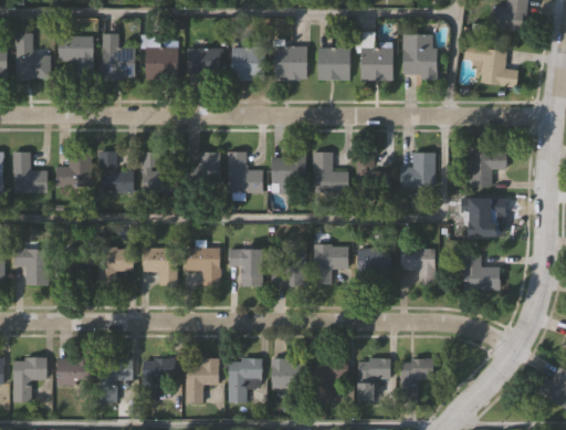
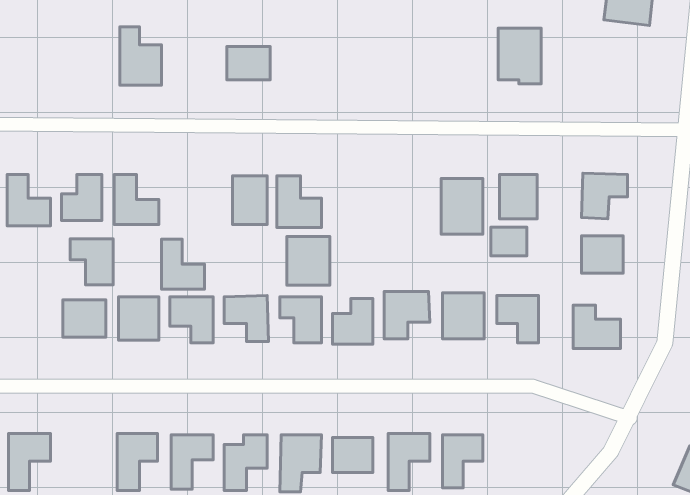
building: [13,33,49,80] -> none
building: [57,36,93,76] -> none
building: [146,48,172,78] -> none
building: [274,48,306,81] -> none
building: [360,48,392,81] -> none
building: [231,49,264,80] -> none
building: [318,49,349,81] -> none
building: [473,49,517,86] -> none
building: [142,151,176,191] -> [161,239,204,289]
building: [313,153,348,192] -> none
building: [271,155,305,193] -> [287,236,330,285]
building: none -> [491,227,527,256]
building: [13,249,48,285] -> [70,239,113,285]
building: [56,358,90,385] -> none
building: [400,358,433,400] -> none

